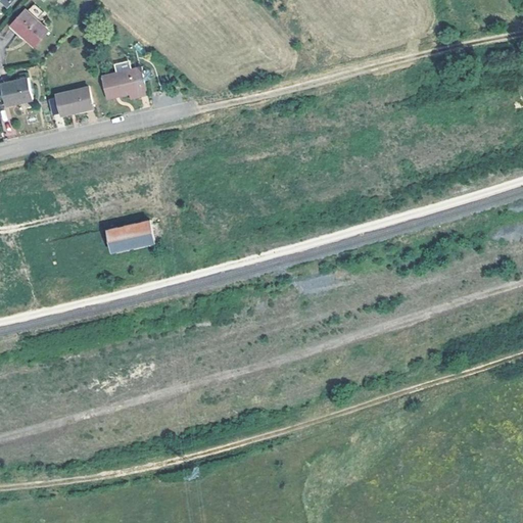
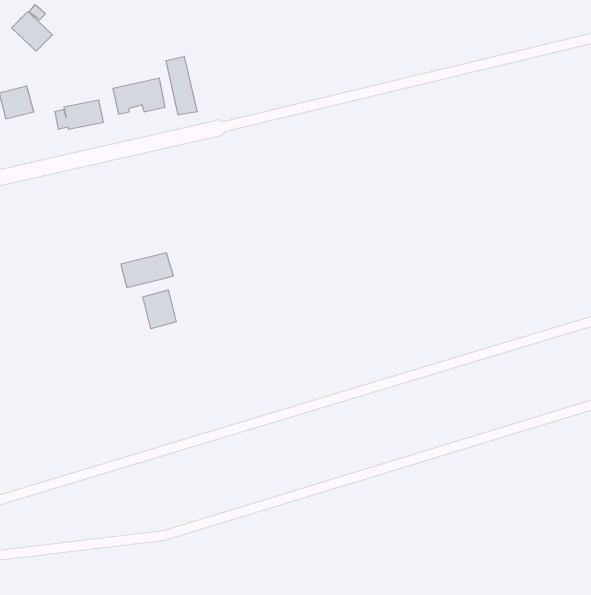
building: none -> [166,56,197,115]
building: none -> [143,290,176,329]

